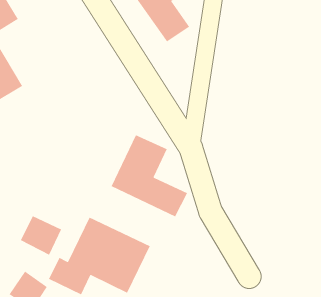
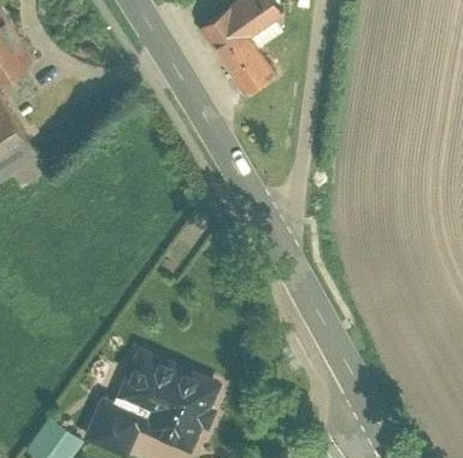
building: [110,134,188,218] -> none
building: [20,215,62,256] -> none

